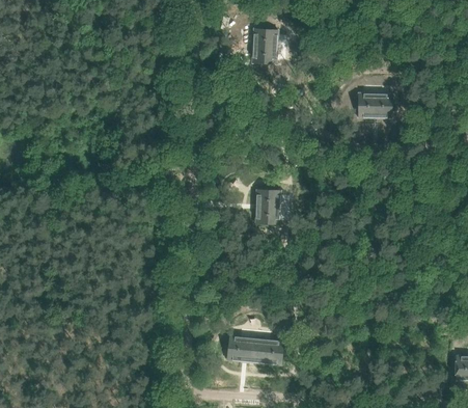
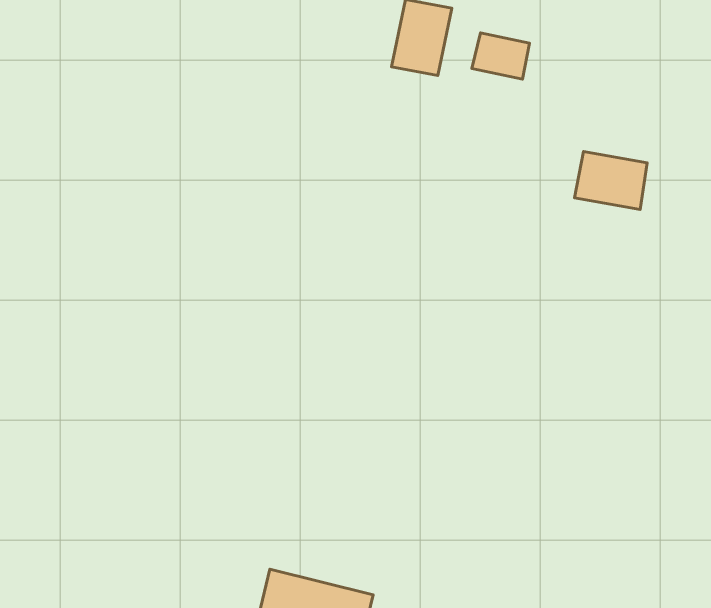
building: none -> [472,33,530,79]
building: [256,187,282,223] -> none

